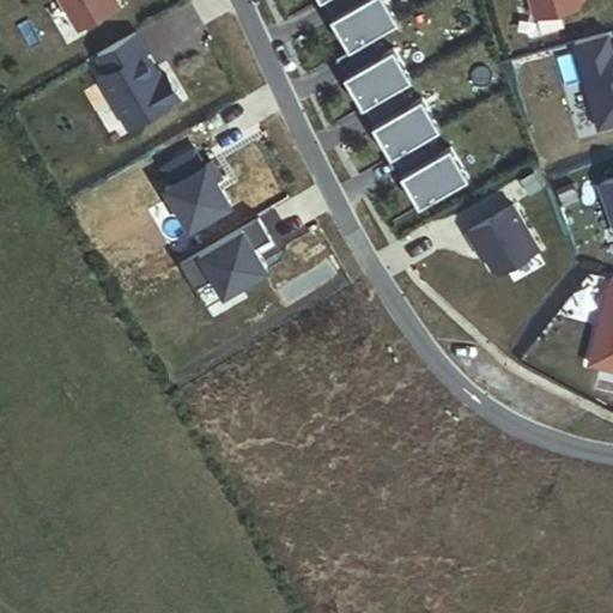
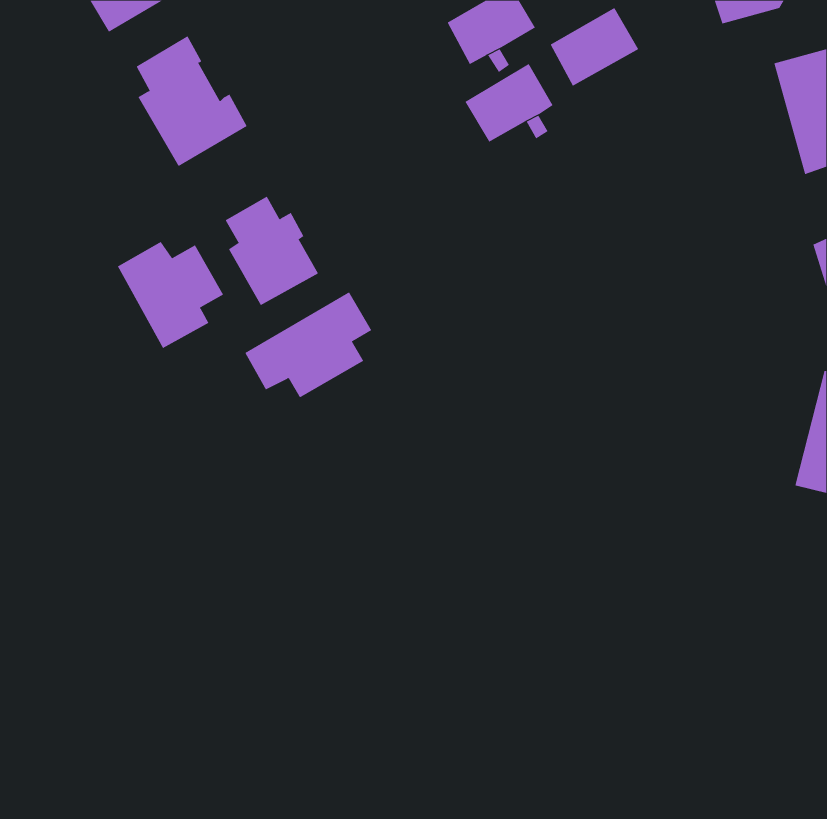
building: [372,103,438,162] -> [550,7,639,87]
building: [400,152,467,211] -> none
building: none -> [117,241,224,349]
building: [459,194,538,271] -> none

